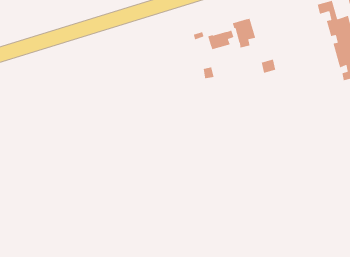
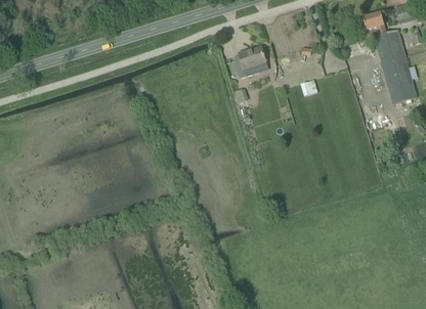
building: [232,18,256,49] -> none

